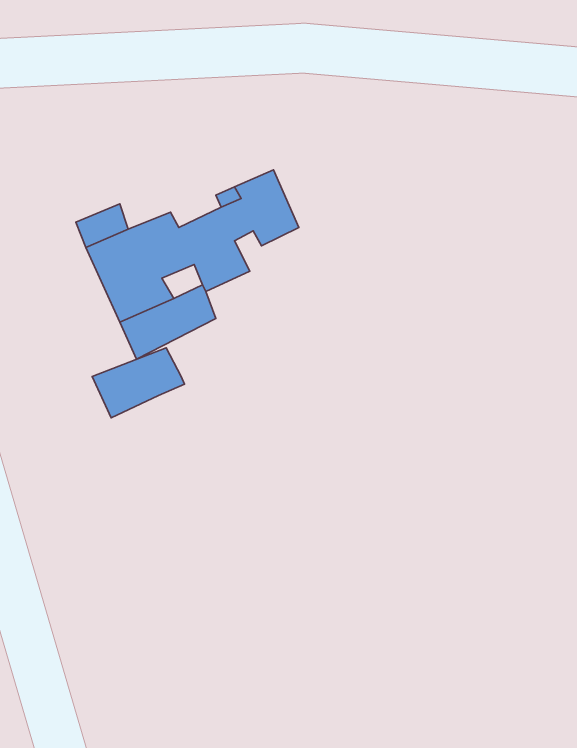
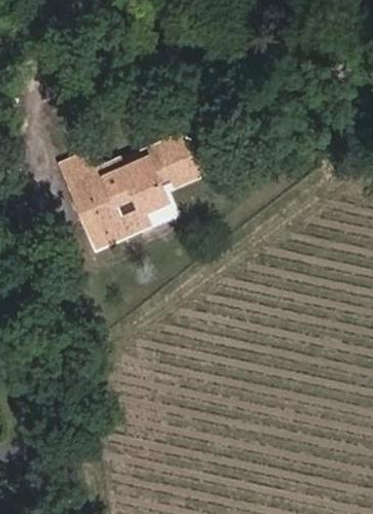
building: [92,348,184,418] -> none

